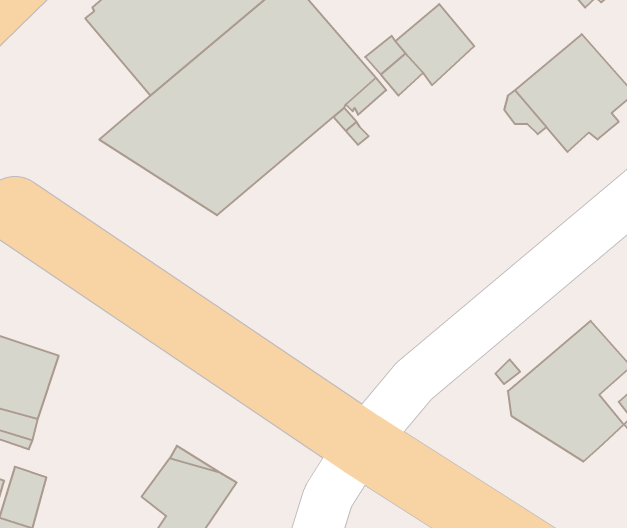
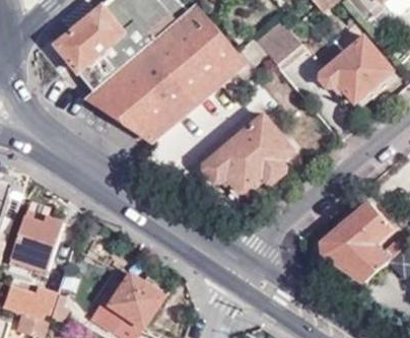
building: none -> [55,27,114,90]
building: none -> [201,115,292,193]

